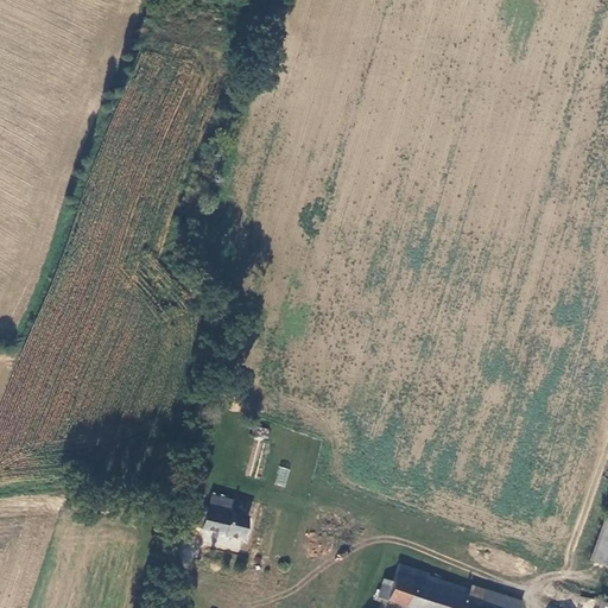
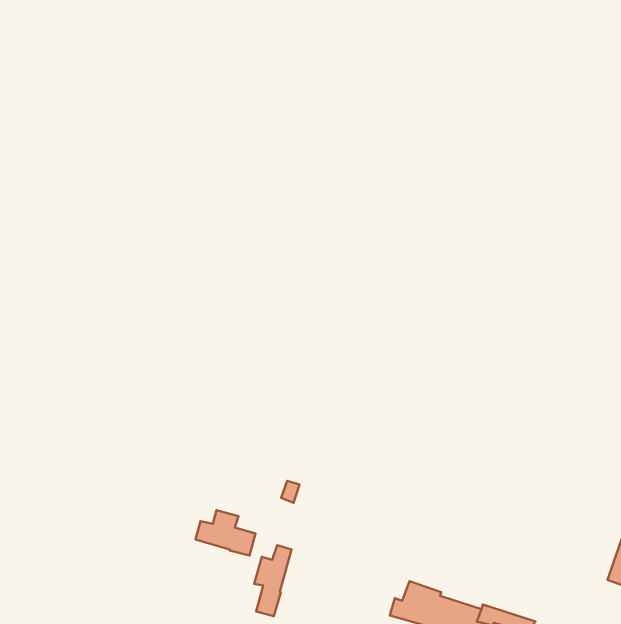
building: none -> [254,545,291,616]

